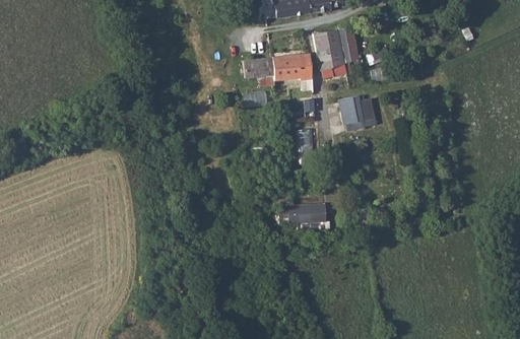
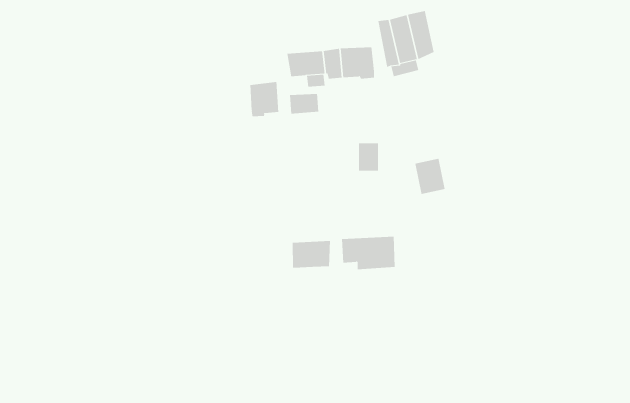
building: none -> [250,81,279,117]
building: [338,96,363,125] -> [414,158,446,195]
building: none -> [292,240,330,269]

